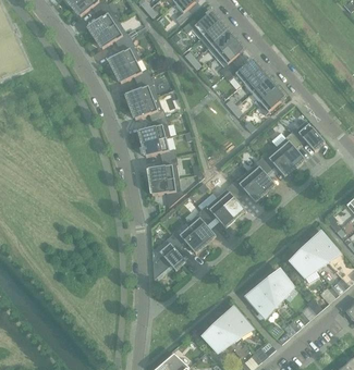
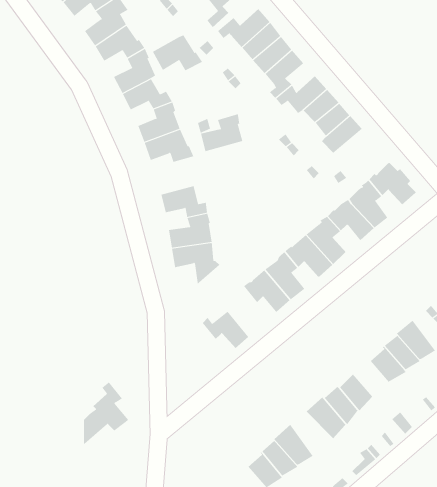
building: none -> [152,34,203,71]
building: [138,115,169,143] -> [200,114,243,152]
building: [186,208,216,244] -> none
building: [152,234,185,279] -> [83,382,129,444]

